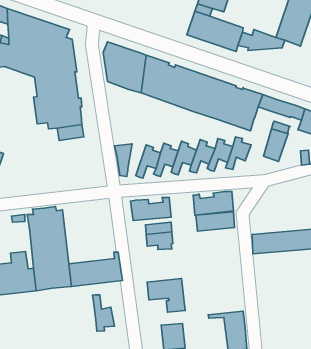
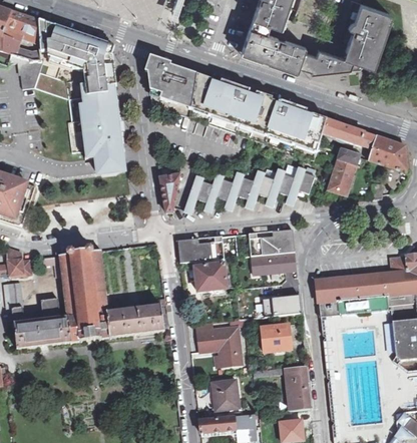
building: none -> [264,295,302,317]
building: none -> [262,324,290,351]
building: [93,295,114,331] -> none

